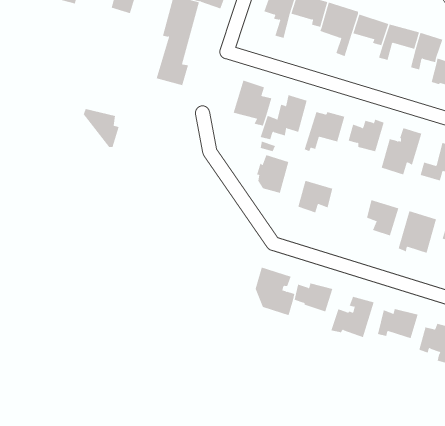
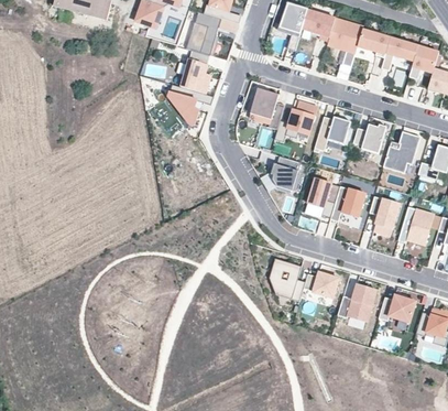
building: [83,108,119,147] -> [165,88,198,123]
building: none -> [330,186,365,223]

